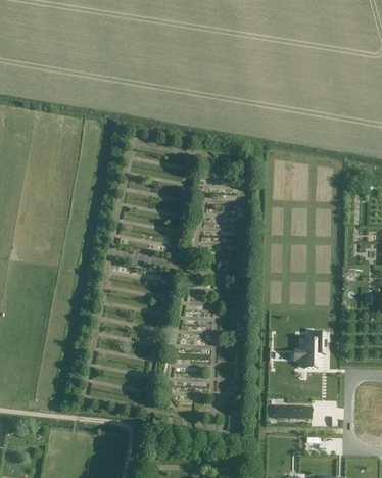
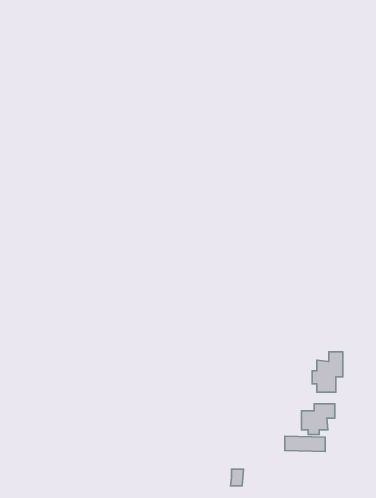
building: none -> [301,404,335,435]

